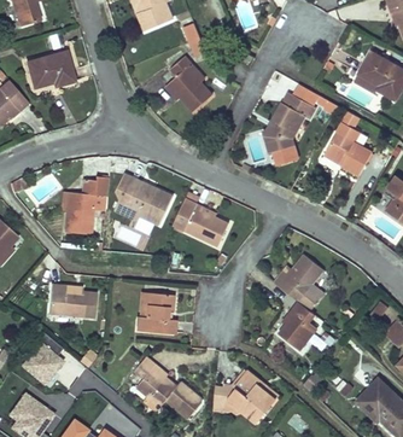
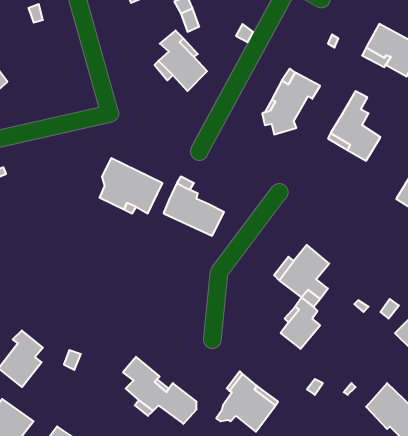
building: [28,52,75,87] -> none
building: [66,174,109,233] -> none
building: [47,284,97,317] -> none
building: [138,293,176,334] -> none

